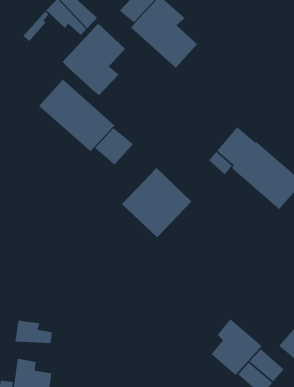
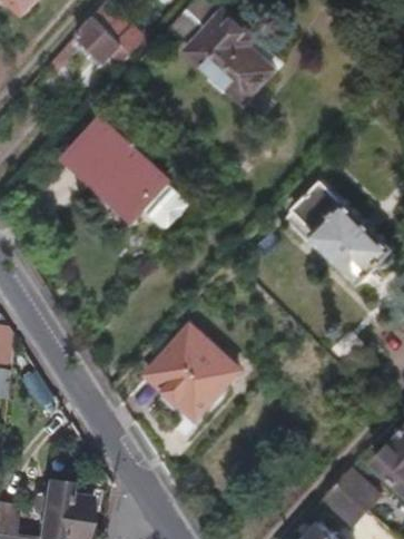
building: [62,23,126,96] -> none
building: [121,167,192,238] -> [146,327,236,418]
building: [210,318,262,376] -> none
building: [15,319,53,344] -> none

